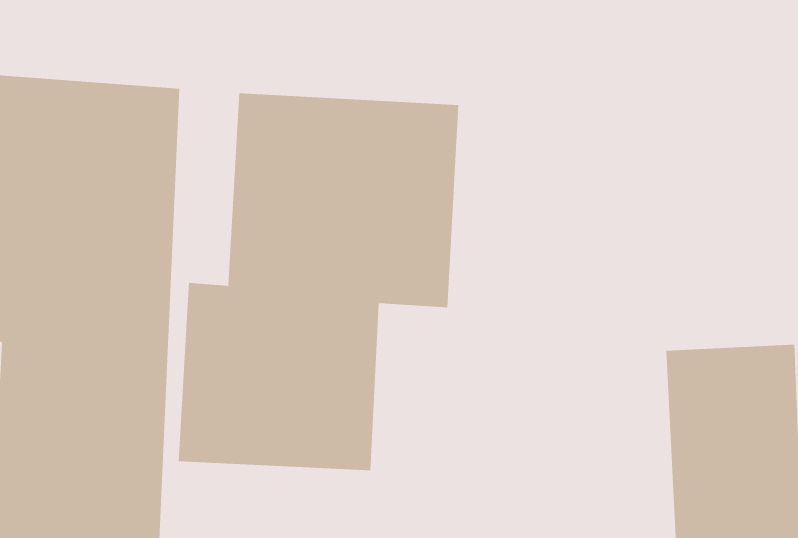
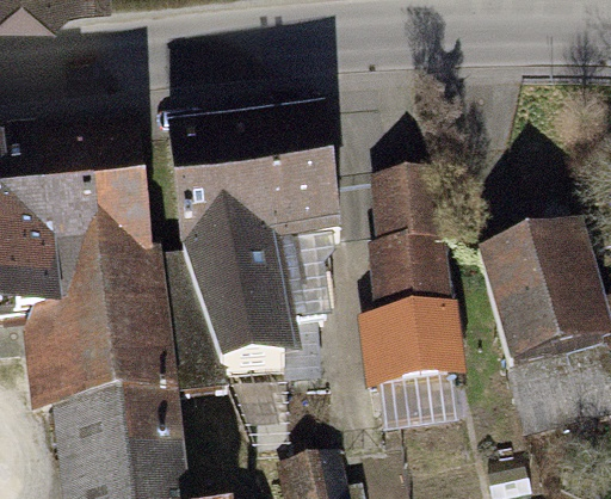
building: none -> [371,180,459,405]

